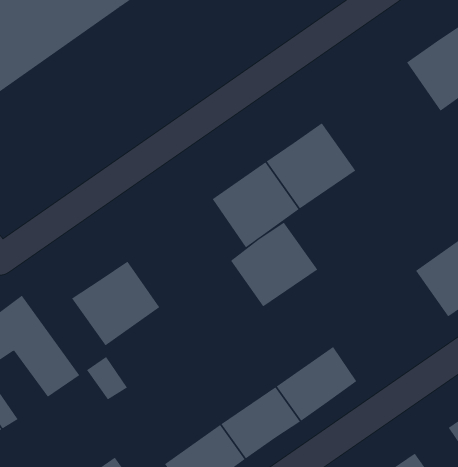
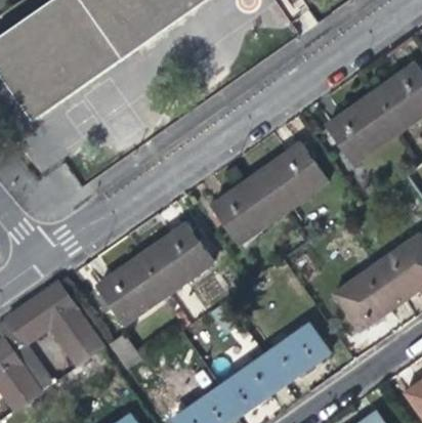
building: none -> [325,92,396,164]
building: [230,222,318,307] -> [141,222,213,292]
building: none -> [333,262,403,331]

